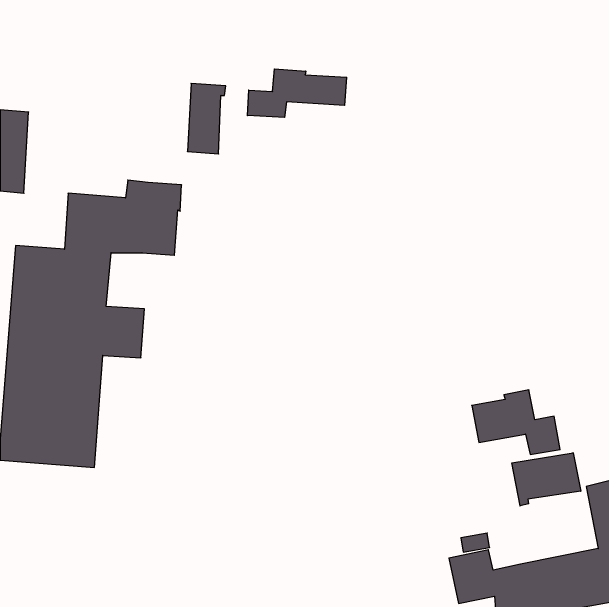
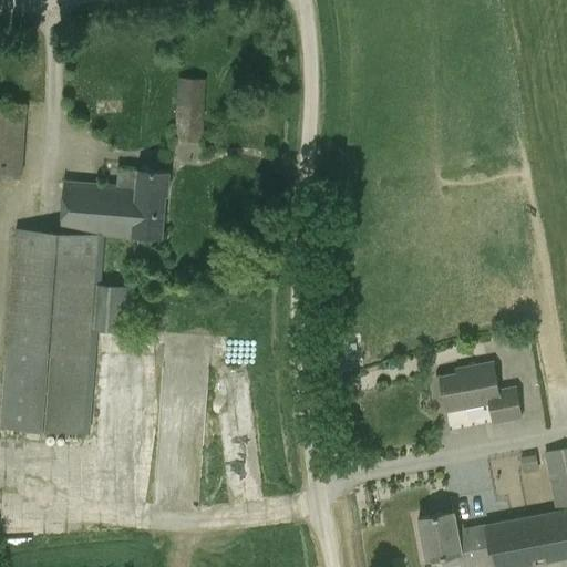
building: [247,69,347,117] -> none
building: [512,453,581,506] -> none

